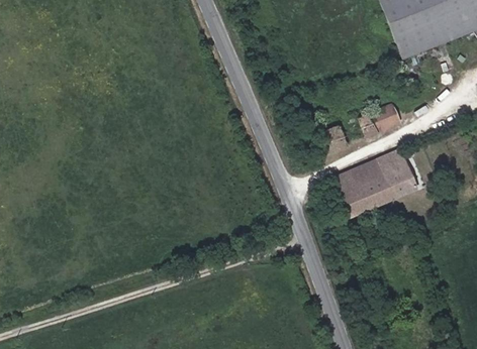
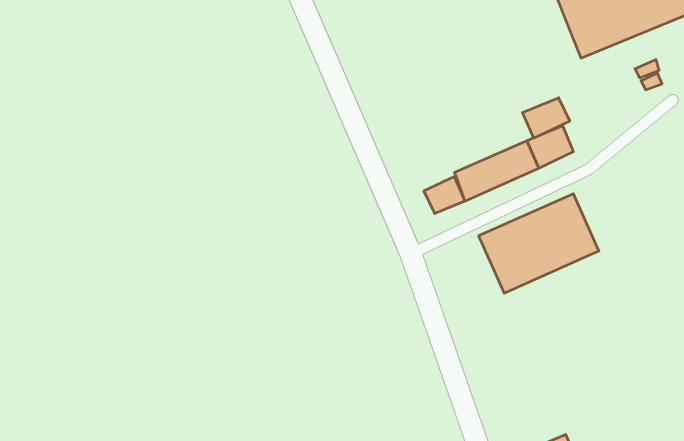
building: none -> [522,98,570,138]
building: none -> [424,177,465,214]

